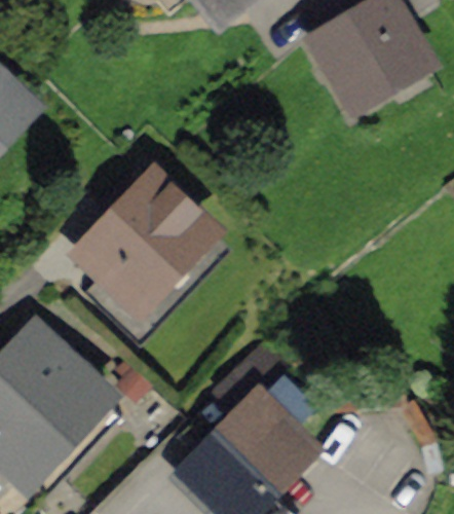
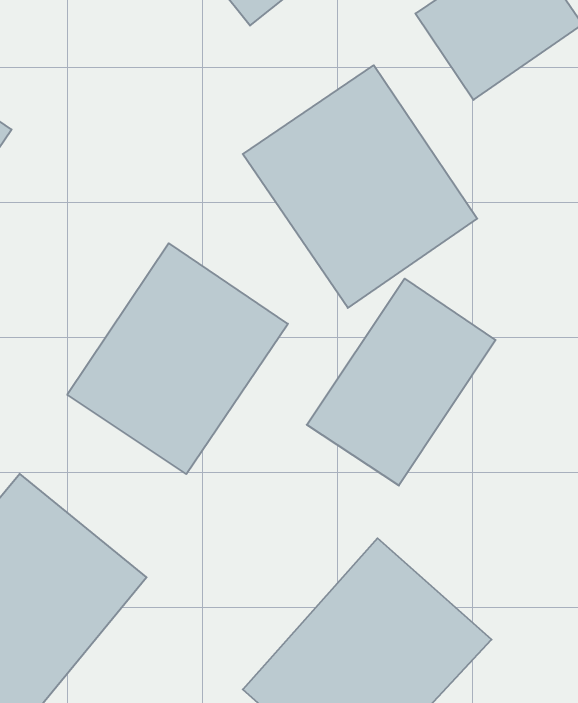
building: none -> [243,65,477,308]
building: none -> [307,279,496,486]

